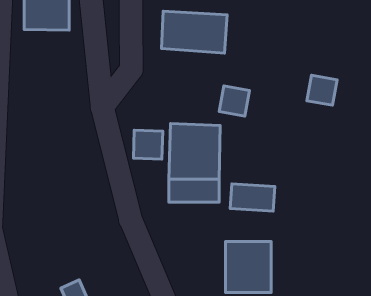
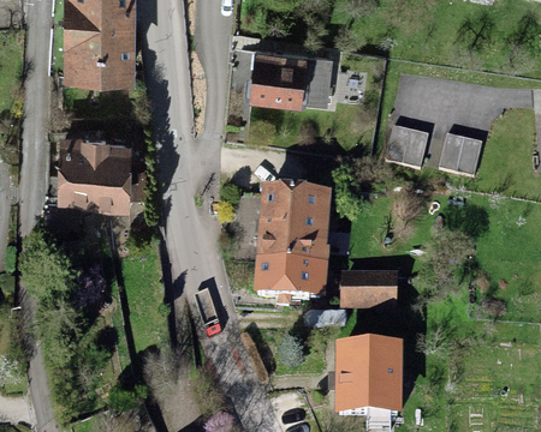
building: none -> [48,127,127,220]
building: [219,86,249,116] -> [386,124,426,163]
building: [133,130,163,159] -> none

